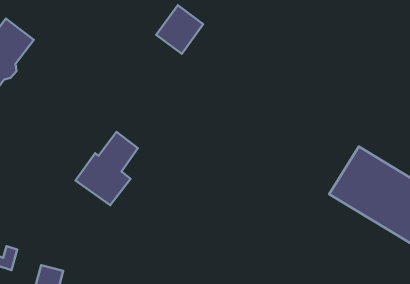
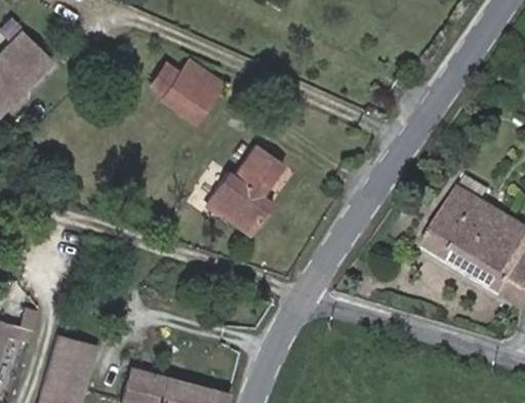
building: [156,5,203,54] -> [162,59,220,120]
building: [75,132,138,205] -> [205,144,283,235]

